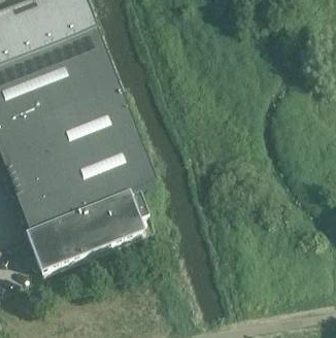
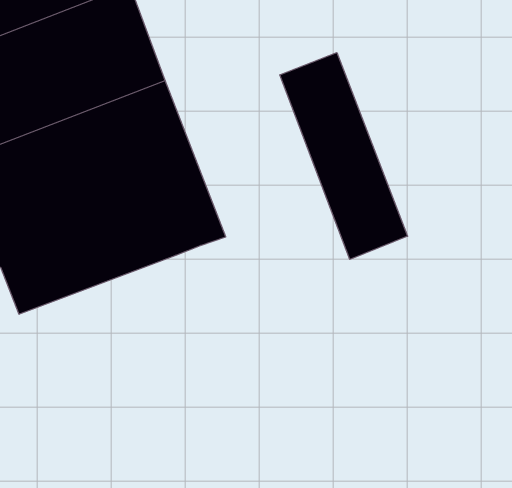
building: none -> [280,53,408,259]
building: [29,187,149,268] -> none

